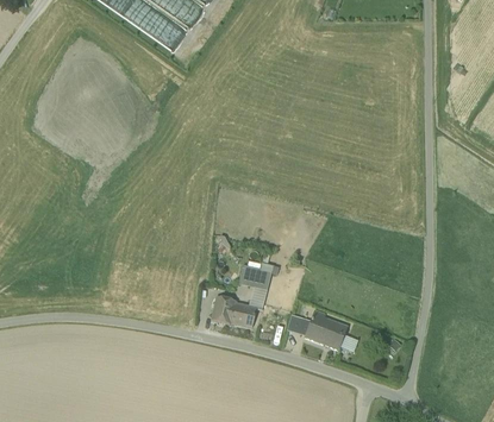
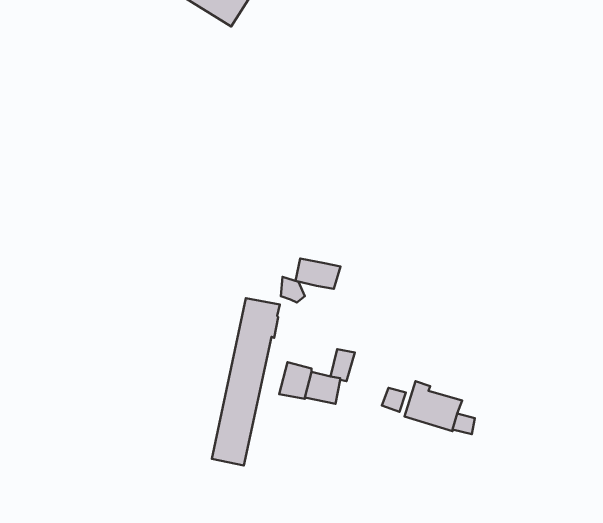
building: none -> [212,298,280,466]
building: [239,266,273,289] -> [295,258,340,289]

